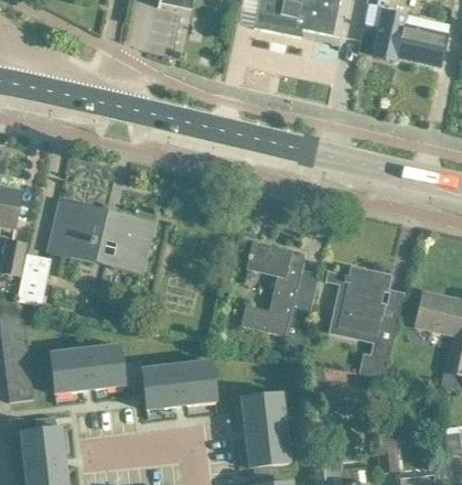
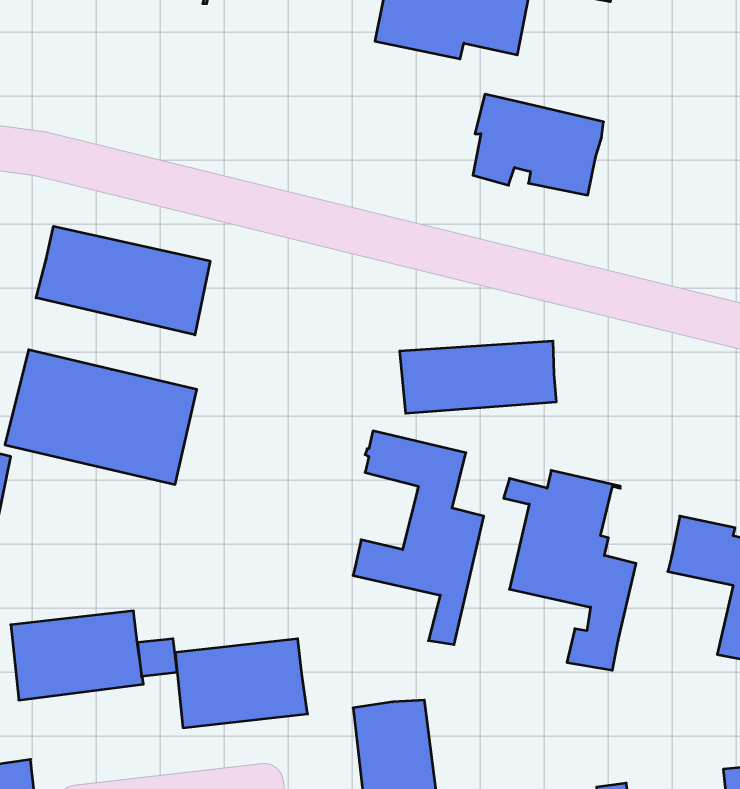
building: [376,9,449,65] -> [473,94,604,195]
building: none -> [36,226,210,335]
building: none -> [400,341,556,413]

